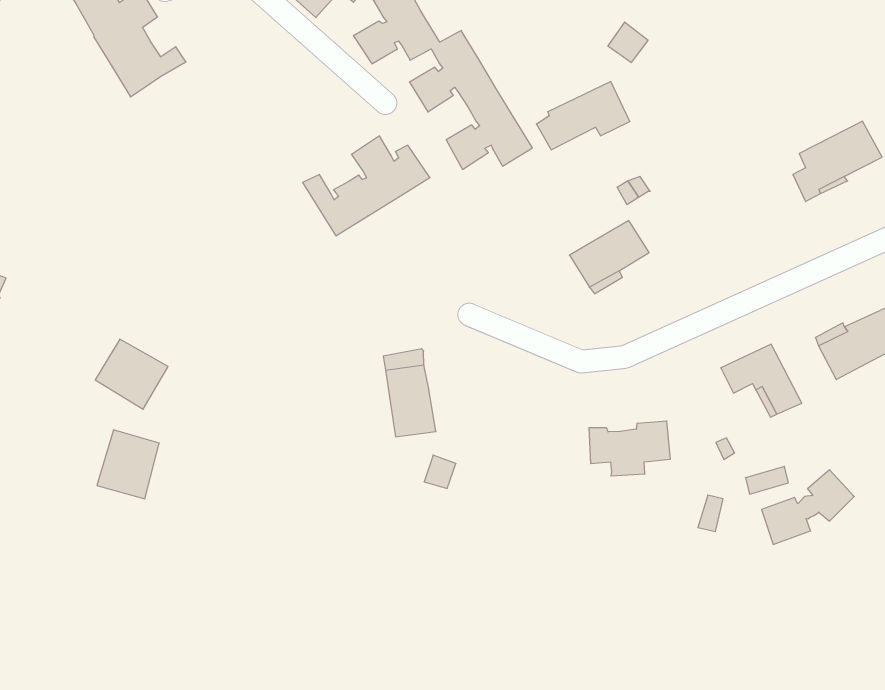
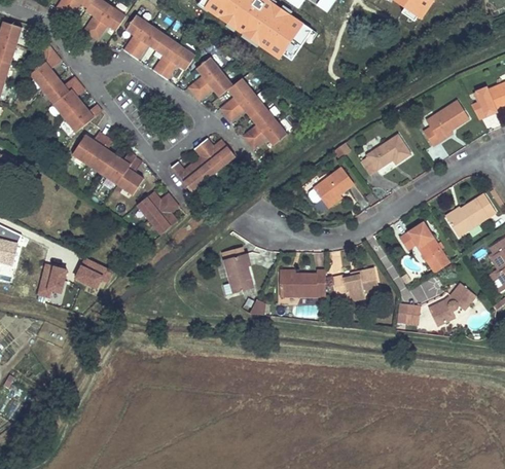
building: [536,82,630,150] -> [361,135,409,174]
building: none -> [72,131,143,194]
building: none -> [136,192,178,234]
building: none -> [280,270,325,300]
building: [97,430,159,499] -> [37,265,67,299]

